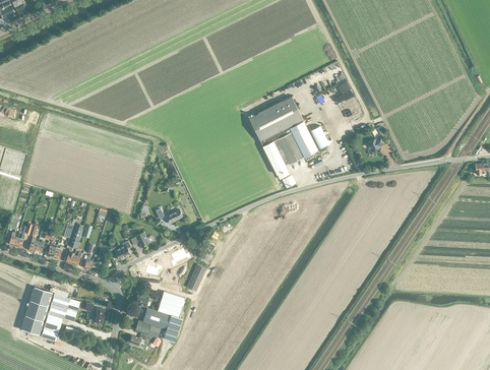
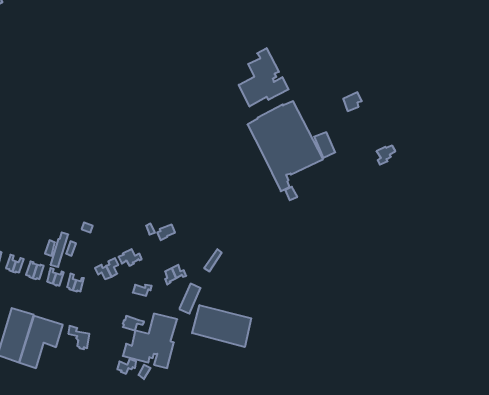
building: none -> [239,48,289,107]
building: none -> [192,305,251,347]

